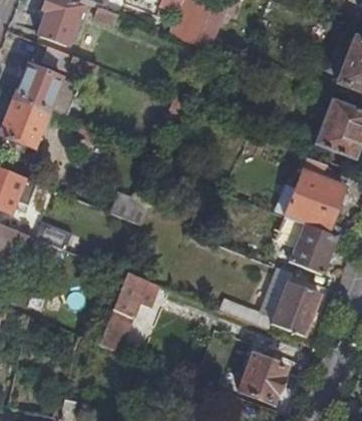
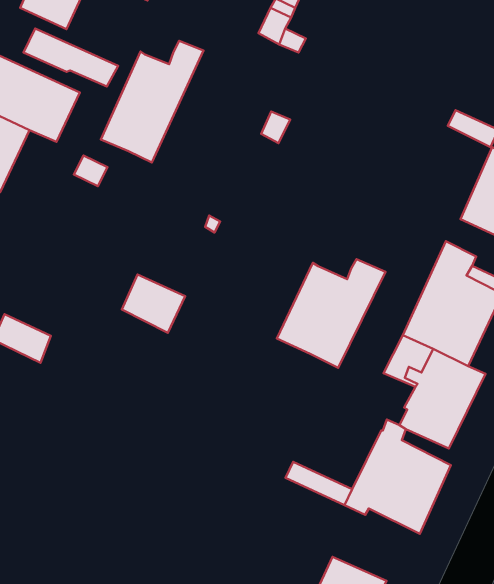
building: none -> [101,41,203,163]
building: none -> [277,259,386,368]
building: [102,273,159,351] -> none

